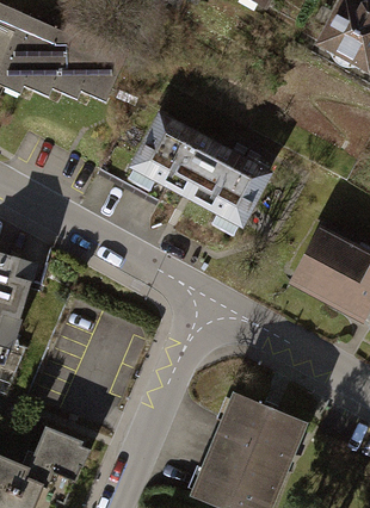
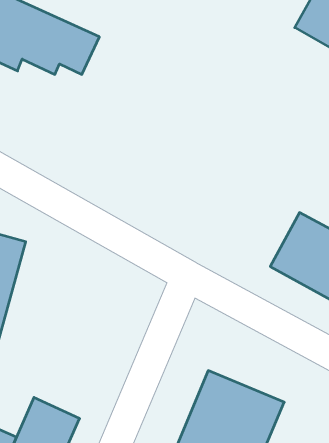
building: [127,110,273,230] -> none

